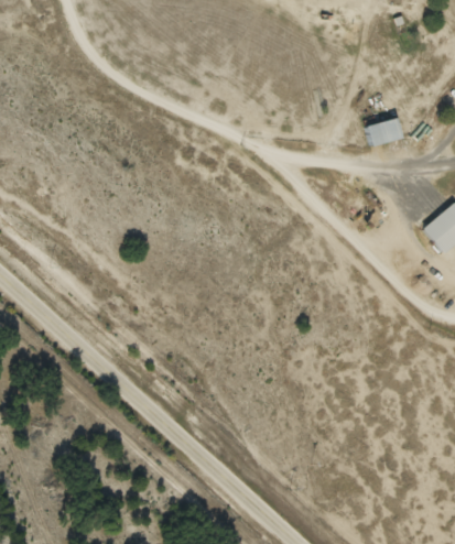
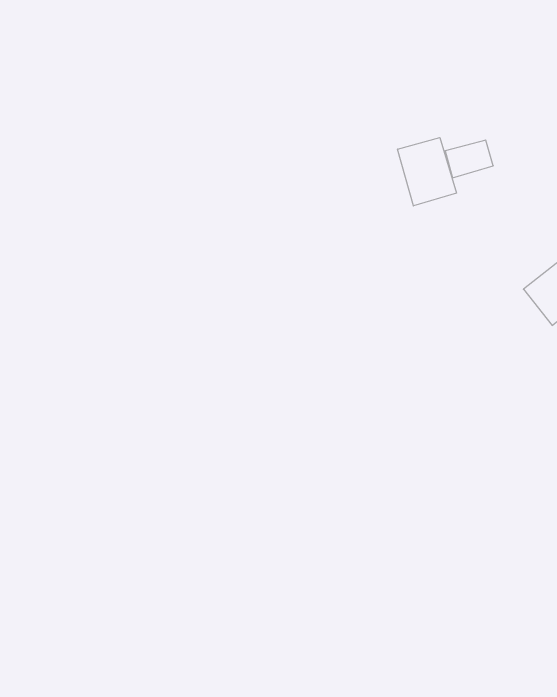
building: none -> [398,138,456,206]

